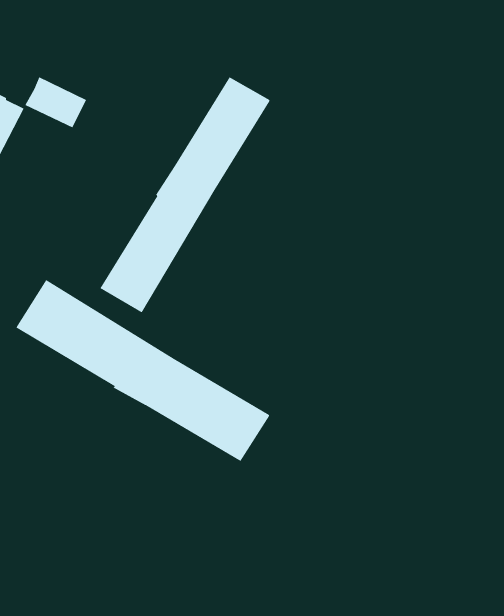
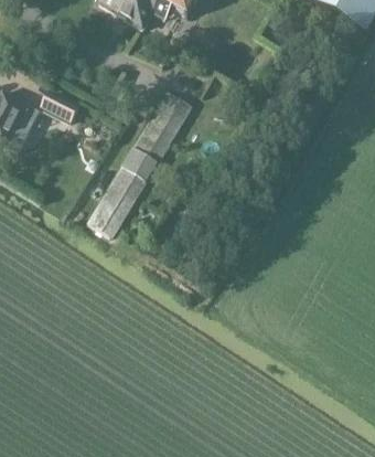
building: [16,279,270,462] -> none

